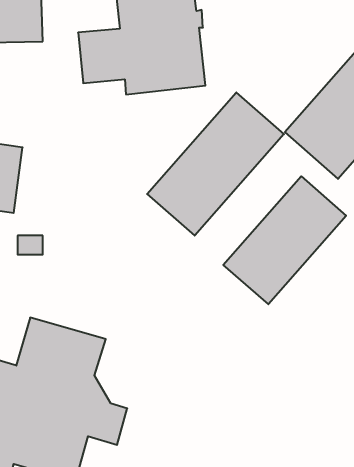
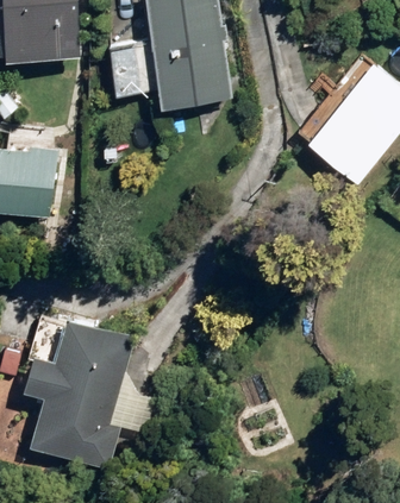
building: [147,92,284,236] -> none
building: [223,176,346,304] -> none

